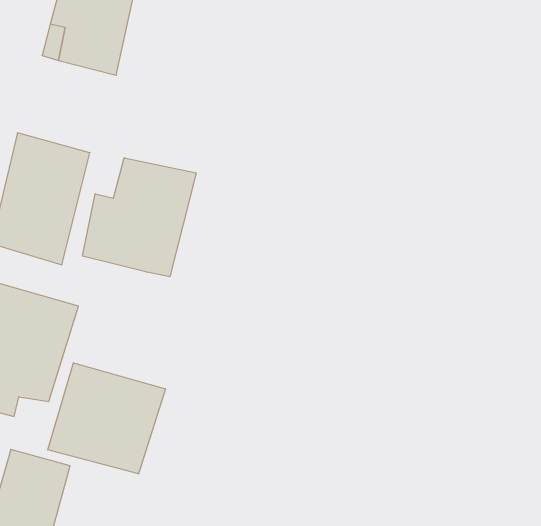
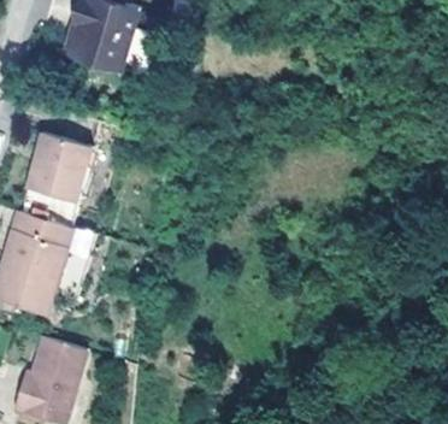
building: [83,158,196,277] -> none
building: [48,363,165,474] -> none

